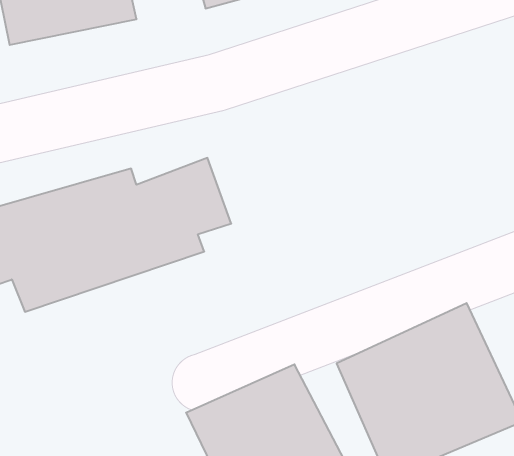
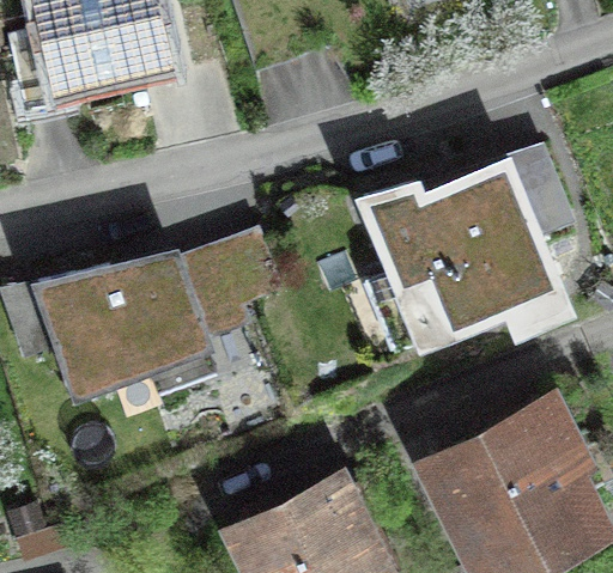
building: none -> [368,145,591,321]

